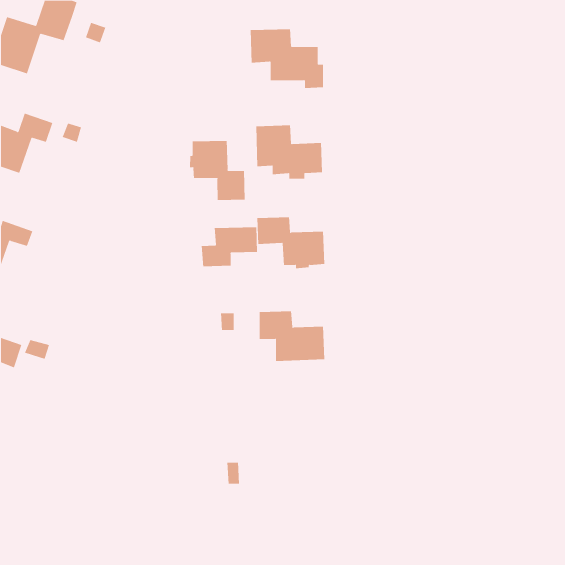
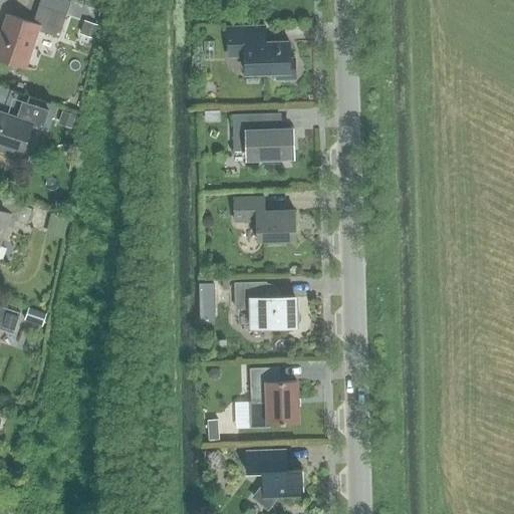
building: [189,140,245,201] -> none
building: [201,226,258,267] -> none
building: none -> [248,367,300,429]
building: none -> [245,450,303,509]

